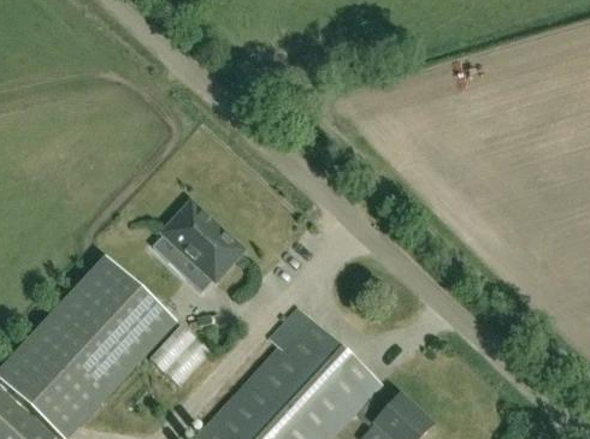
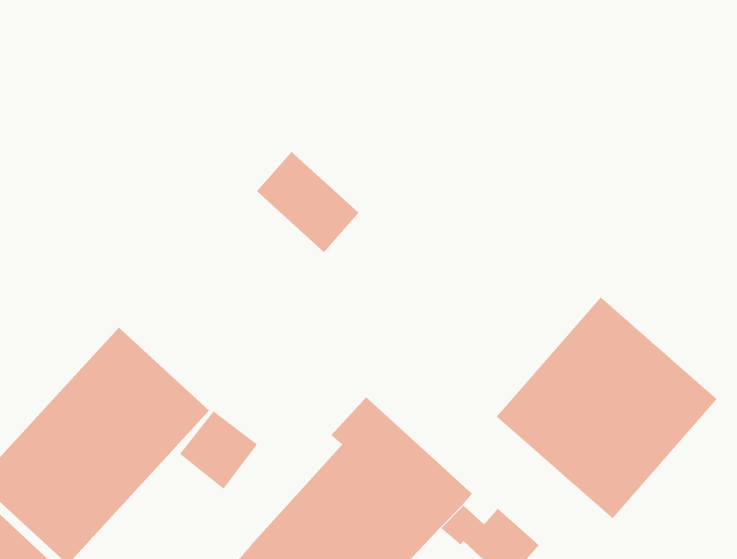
building: [159,206,240,285] -> [256,151,360,253]
building: none -> [496,297,718,519]

